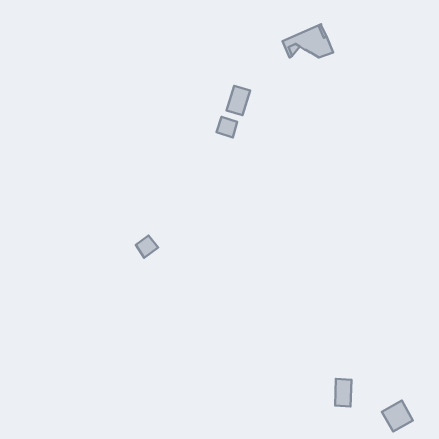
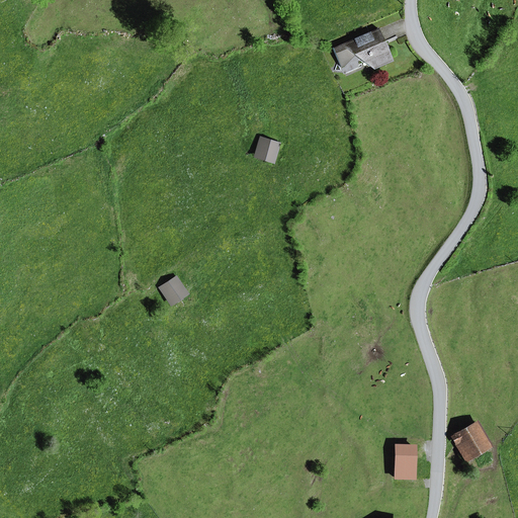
building: [227,86,250,115] -> none
building: [382,401,413,432] -> [452,423,489,459]

